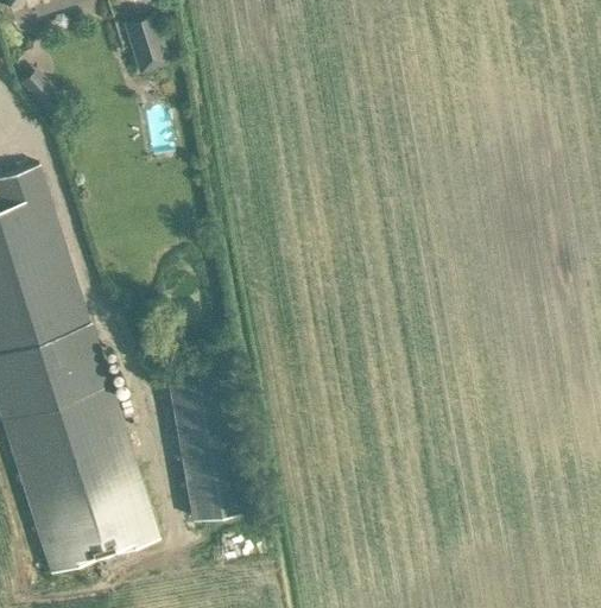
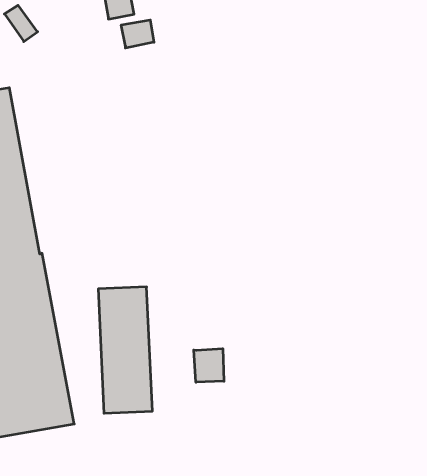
building: none -> [121,20,154,48]
building: none -> [194,349,224,382]

